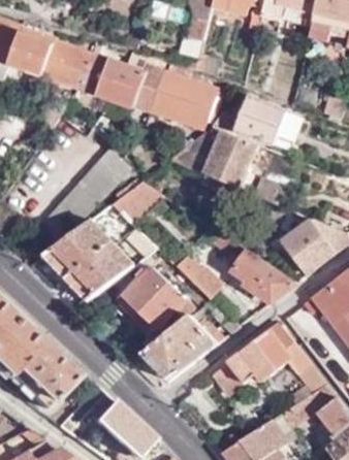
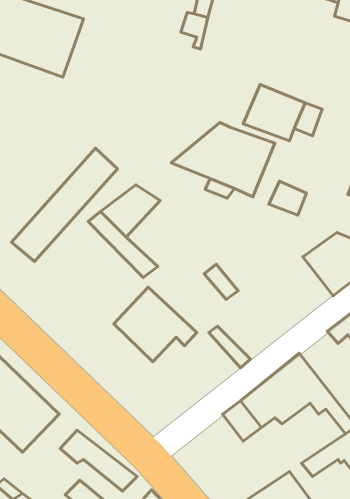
building: [78,55,221,128] -> none
building: [41,220,134,302] -> none
building: [207,228,295,302] -> none
building: [167,249,222,298] -> none
building: [140,315,215,382] -> none

